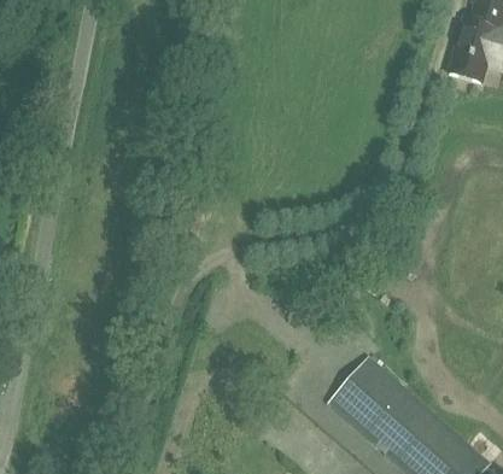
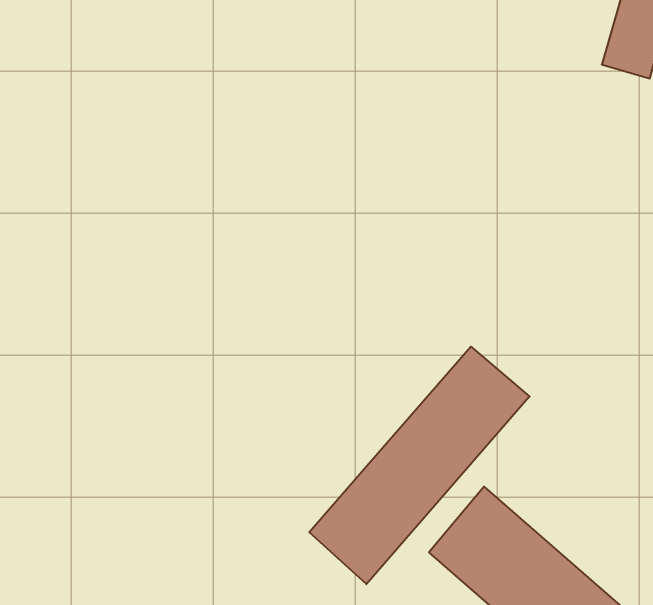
building: none -> [309,347,530,584]

